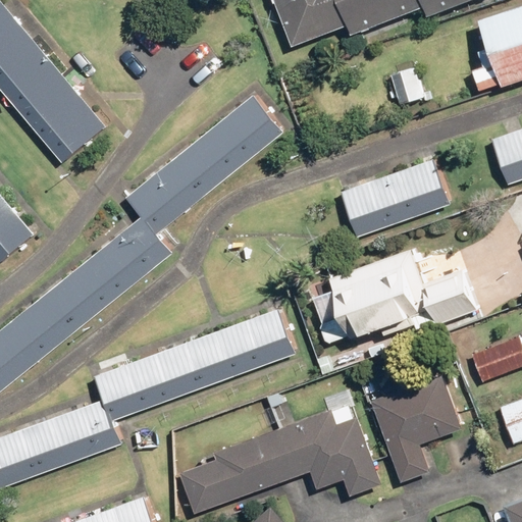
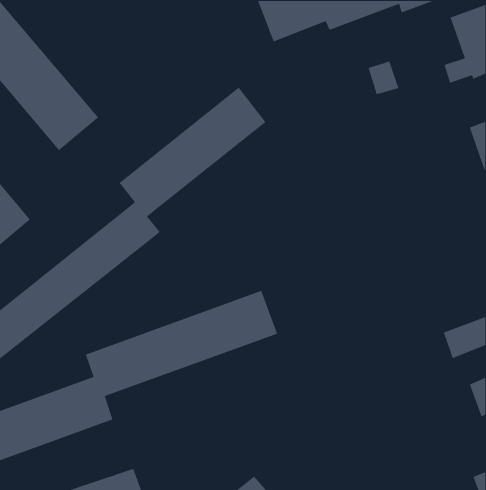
building: [340,161,448,240] -> none
building: [328,250,476,337] -> none
building: [369,374,461,482] -> none
building: [176,410,381,515] -> none

